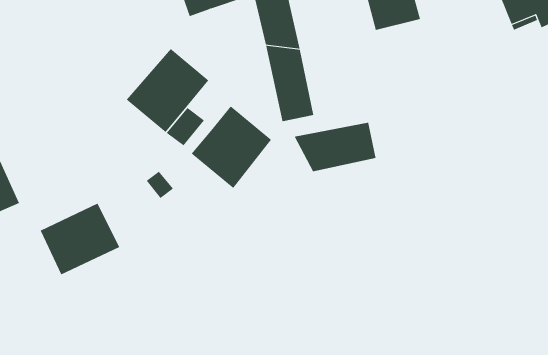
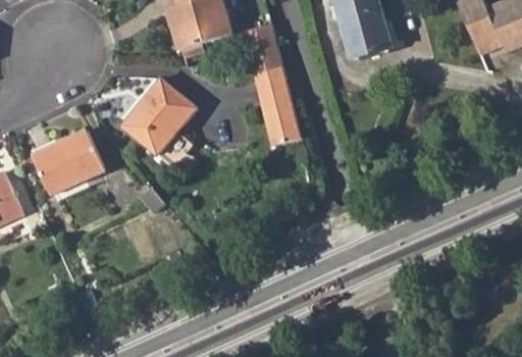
building: [191,106,272,189] -> none
building: [294,122,376,172] -> none
building: [40,203,120,275] -> [36,132,109,198]

